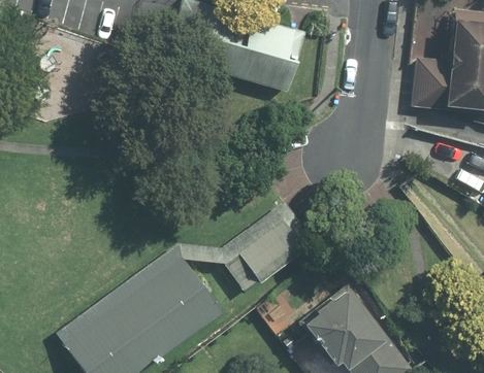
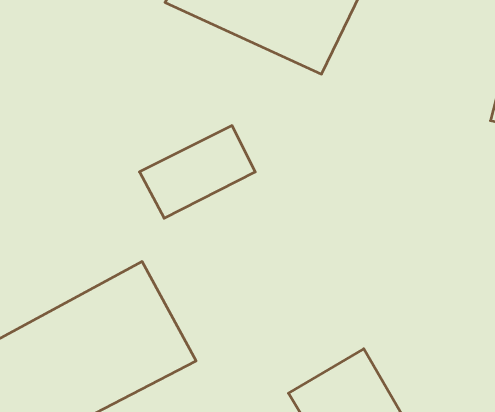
building: [224,218,308,293] -> [139,126,255,218]

